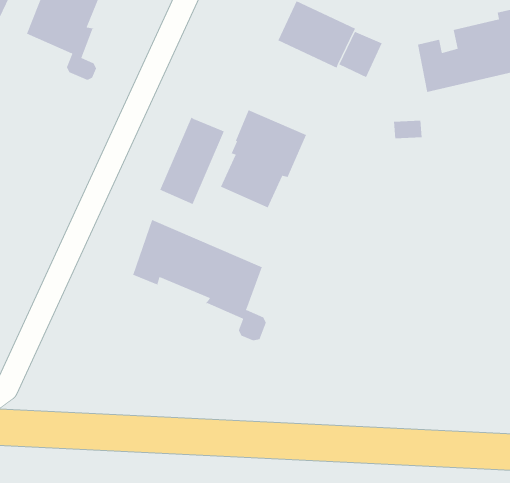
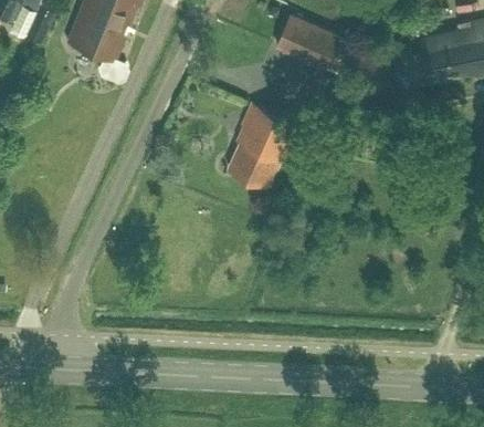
building: [160,117,225,205] -> none
building: [132,219,267,341] -> none

